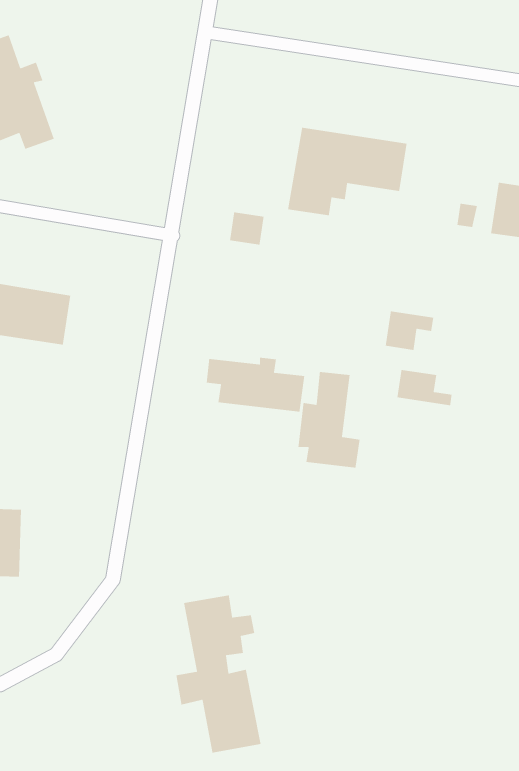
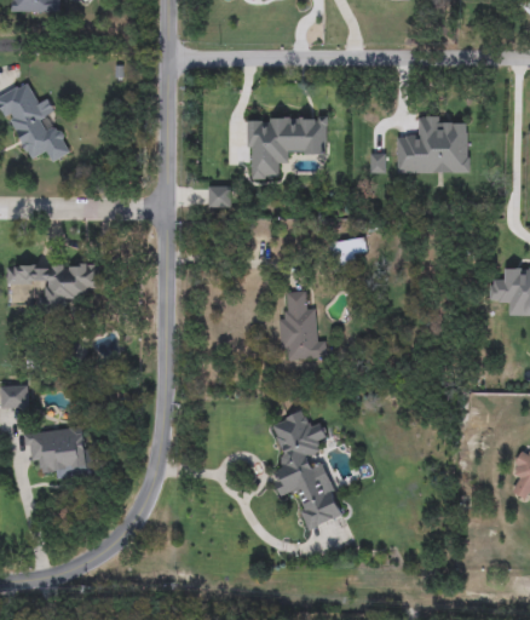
building: [206,357,305,412] -> none
building: [396,369,453,406] -> none
building: [176,595,262,754] -> [271,411,344,528]

